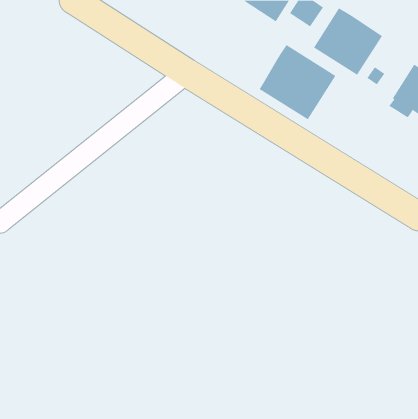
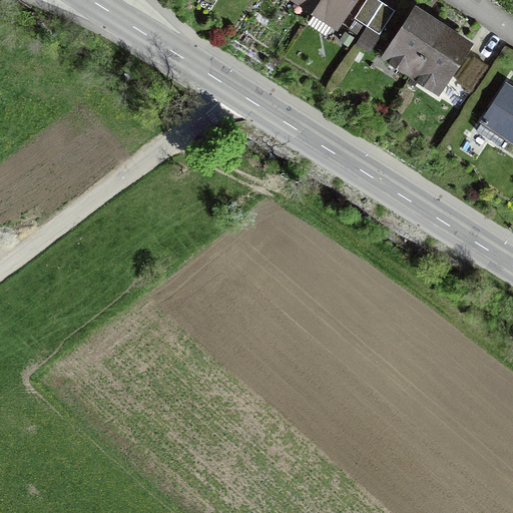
building: [259,44,336,120] -> none

